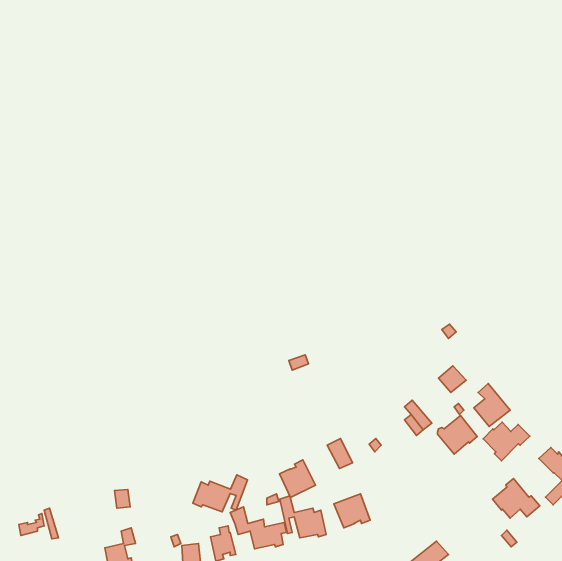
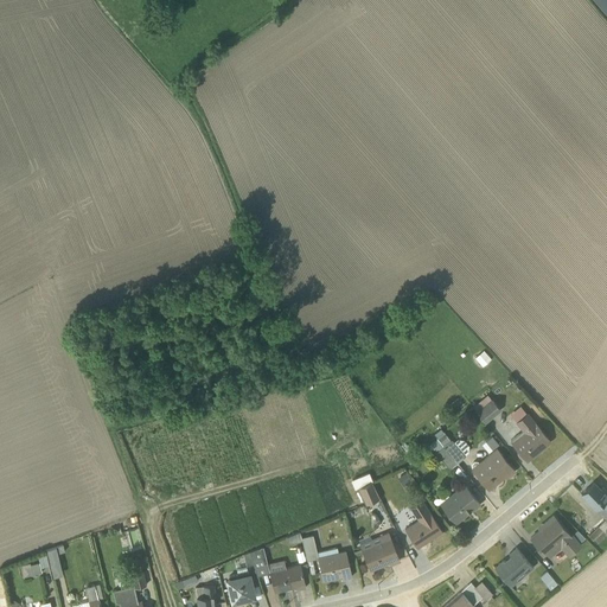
building: [483,422,530,461] -> none
building: none -> [439,485,480,525]
building: [280,460,315,498] -> none
building: none -> [405,500,442,550]
building: [193,475,247,512] -> none
building: none -> [494,549,533,588]

